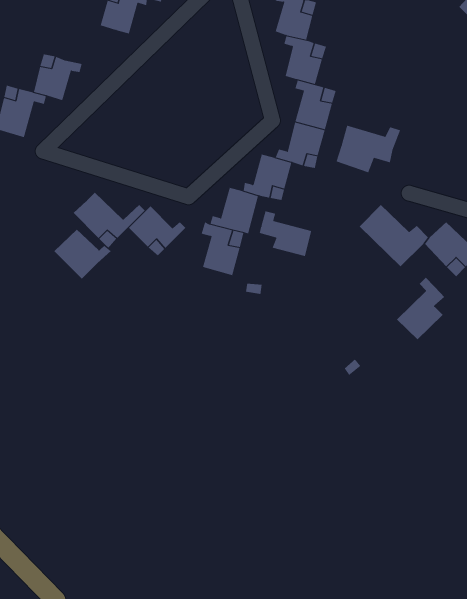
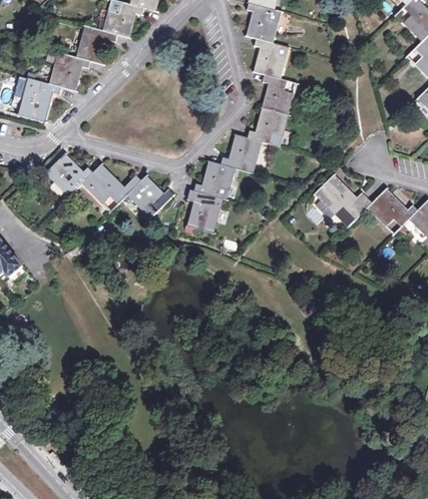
building: none -> [76,25,117,64]
building: [336,125,401,173] -> none
building: [259,211,312,257] -> none
building: [53,229,111,280] -> [46,154,93,195]
building: [396,277,445,340] -> none

